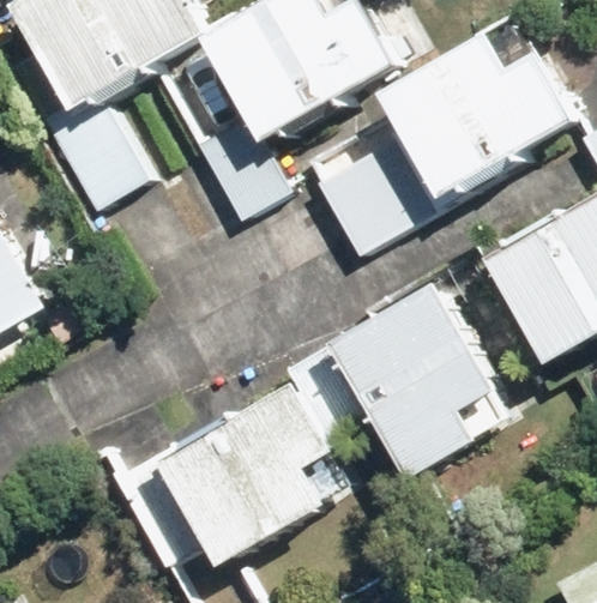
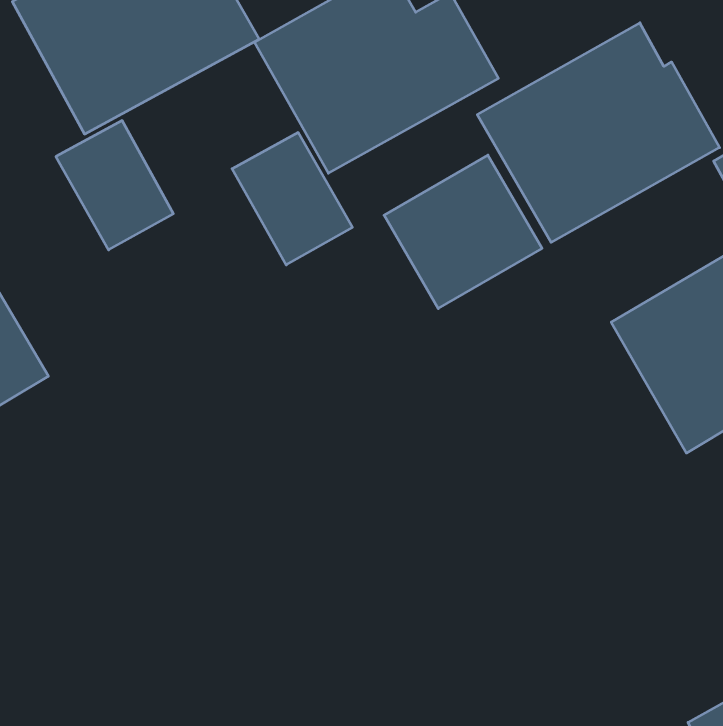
building: [336,283,505,480] -> none
building: [110,380,348,568] -> none

